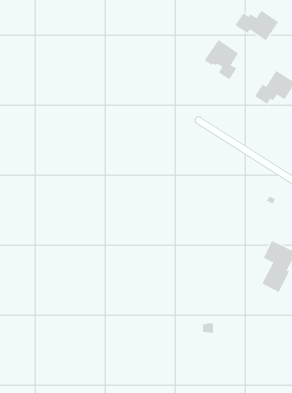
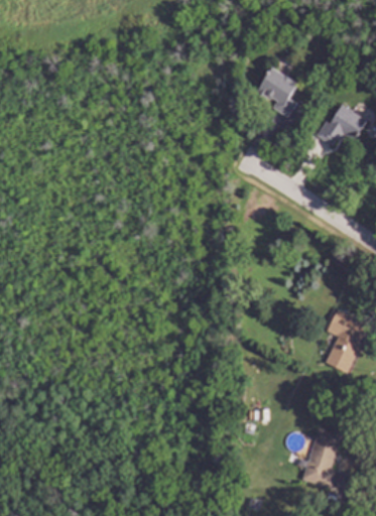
building: [235,10,279,41] -> none
building: none -> [301,428,341,489]

